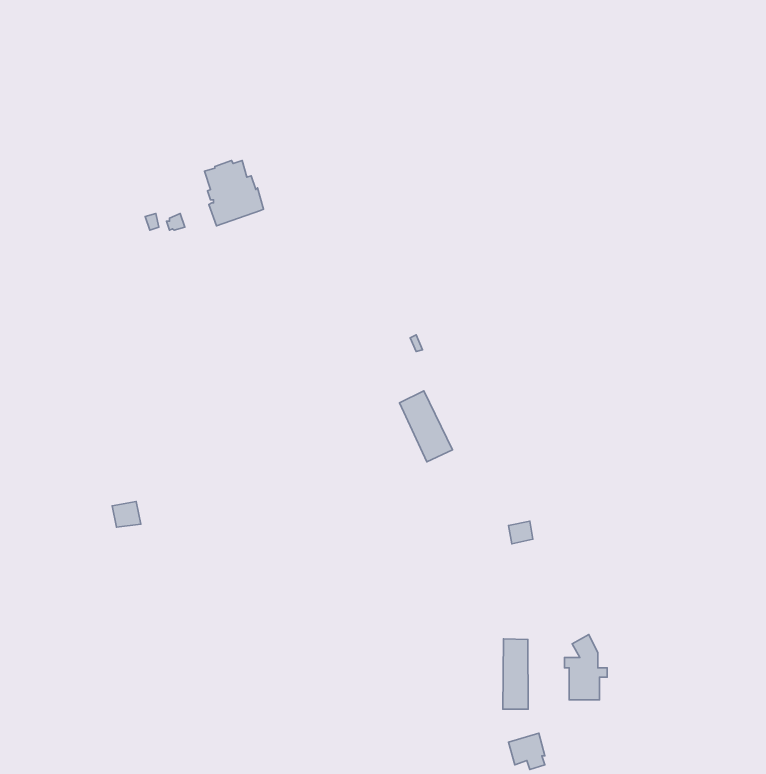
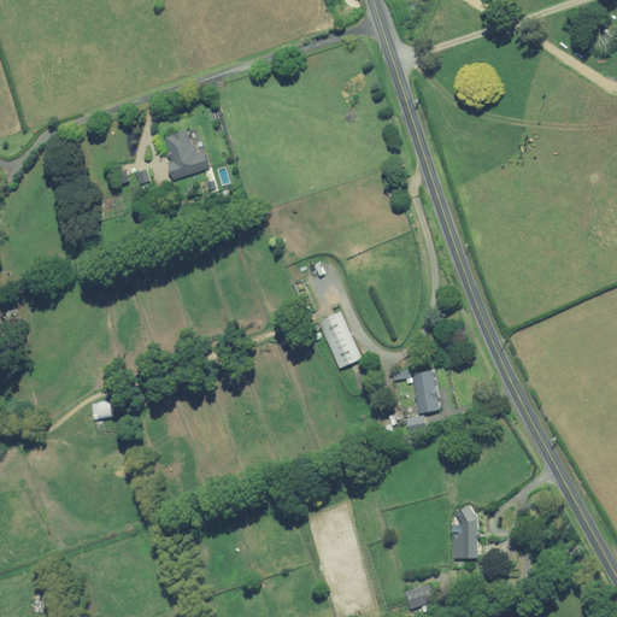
building: none -> [410,370,440,413]
building: [503,639,528,709] -> none

